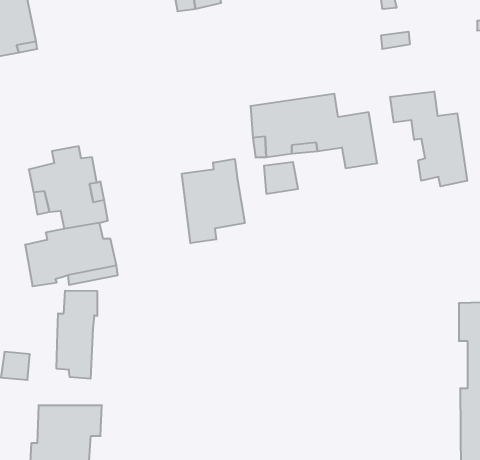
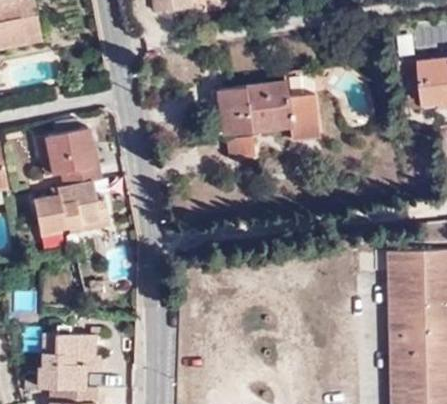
building: [390,91,467,186] -> none
building: [182,159,245,243] -> none
building: [57,291,97,379] -> none

